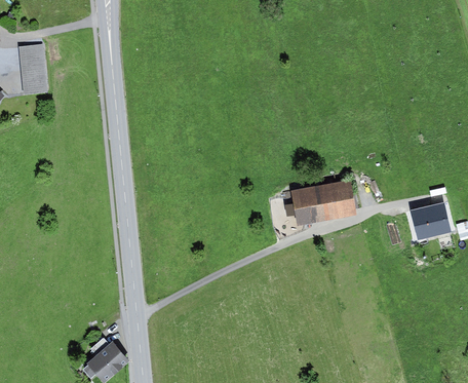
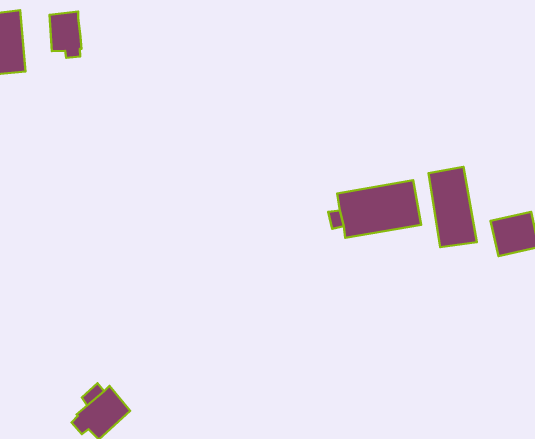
building: none -> [49,11,82,58]
building: none -> [429,167,477,247]

